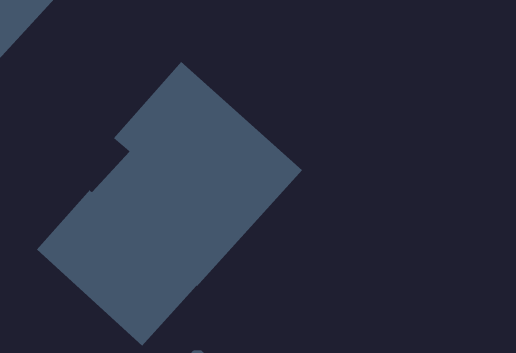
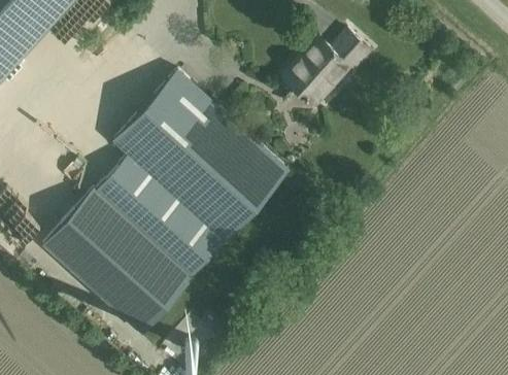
building: none -> [284,29,372,104]

